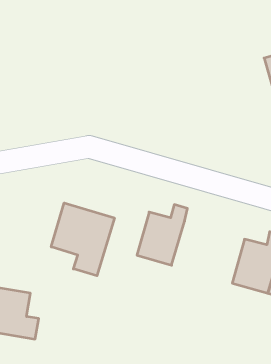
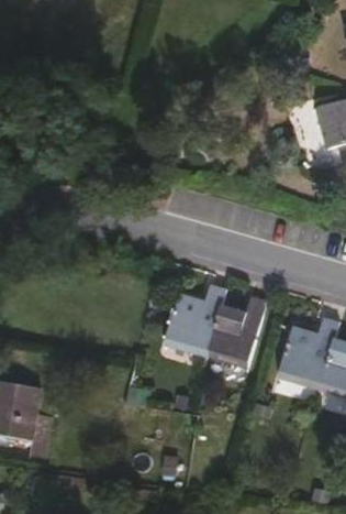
building: [51,203,114,276] -> none
building: none -> [207,295,267,368]

